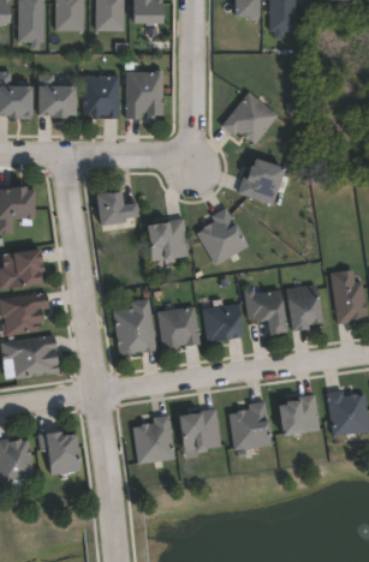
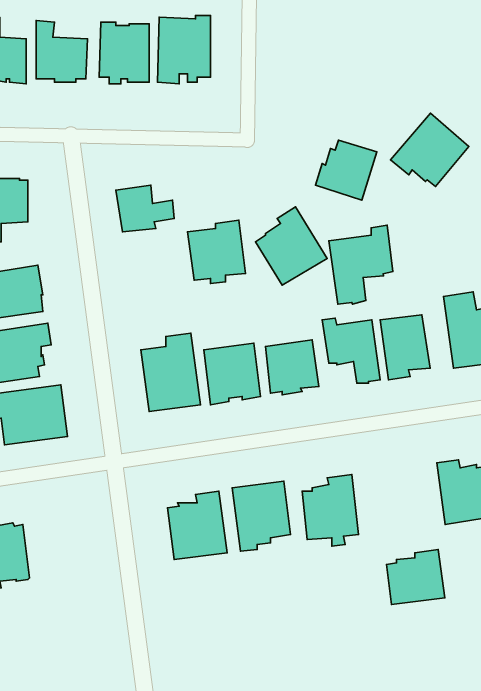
building: [221,91,278,144] -> [391,113,469,186]
building: none -> [329,225,393,304]
building: [278,395,320,435] -> [387,550,445,604]
building: [37,428,81,473] -> none

